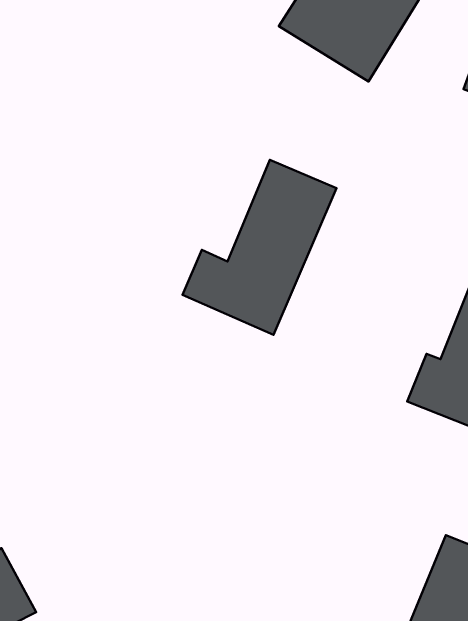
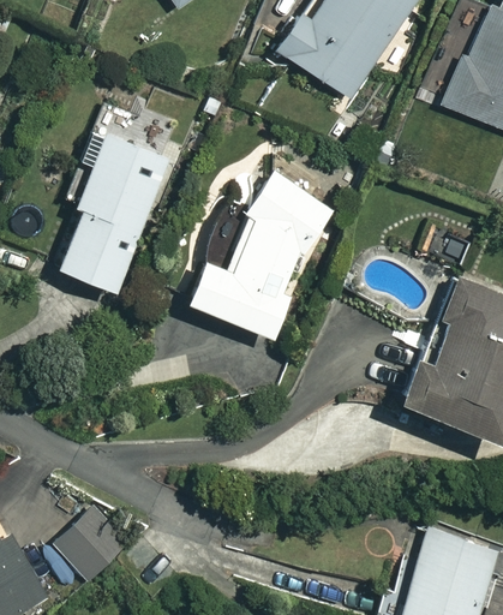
building: none -> [50,131,167,289]
building: none -> [46,510,130,591]

